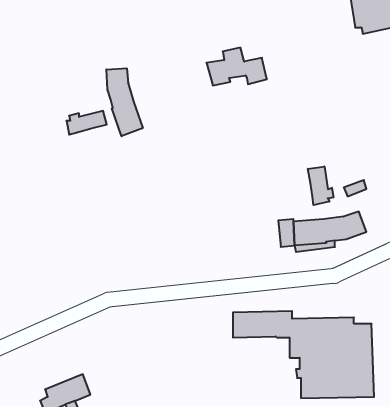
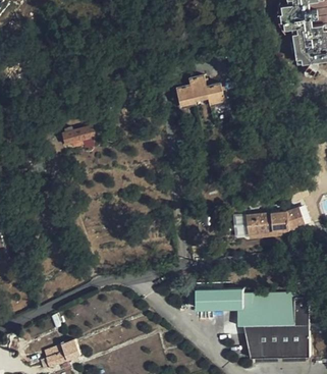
building: [106,68,143,136] -> none
building: [308,166,334,205] -> none

